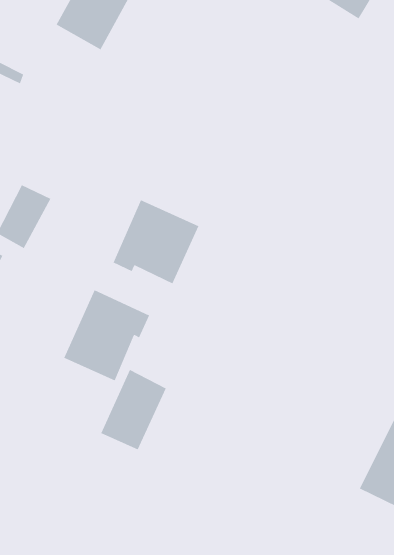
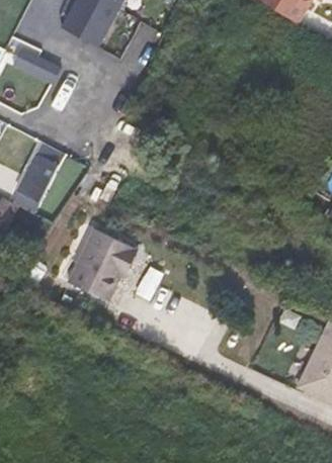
building: [112,199,199,285] -> none
building: [100,369,167,450] -> none

